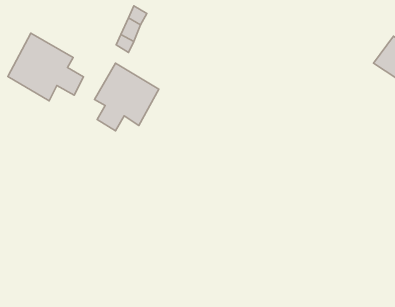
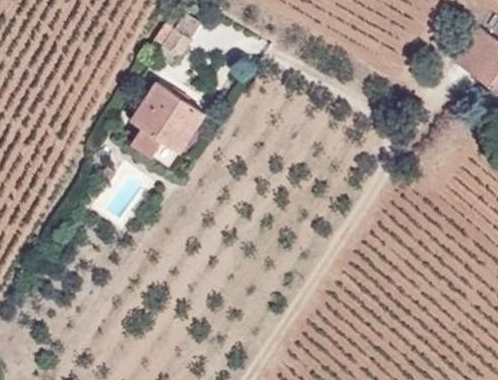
building: [8,33,84,101] -> none

